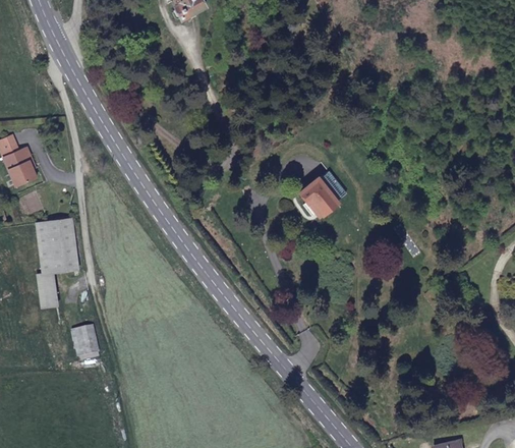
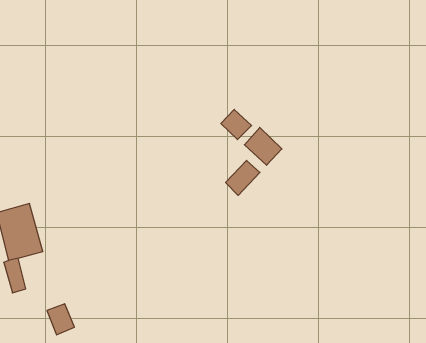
building: none -> [221,109,252,140]
building: none -> [226,160,260,195]

